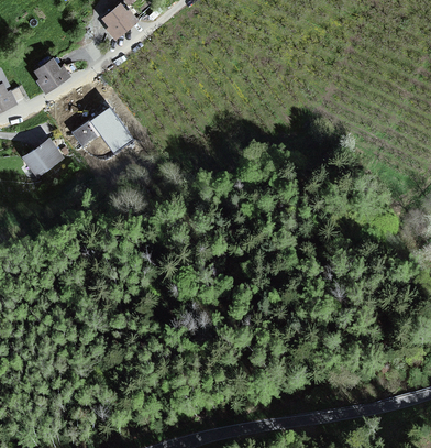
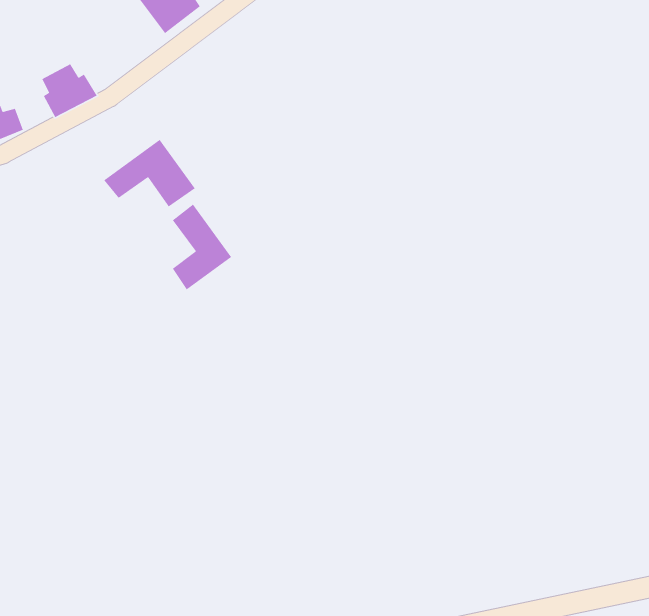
building: [16,138,59,176] -> none
building: none -> [172,204,232,290]

